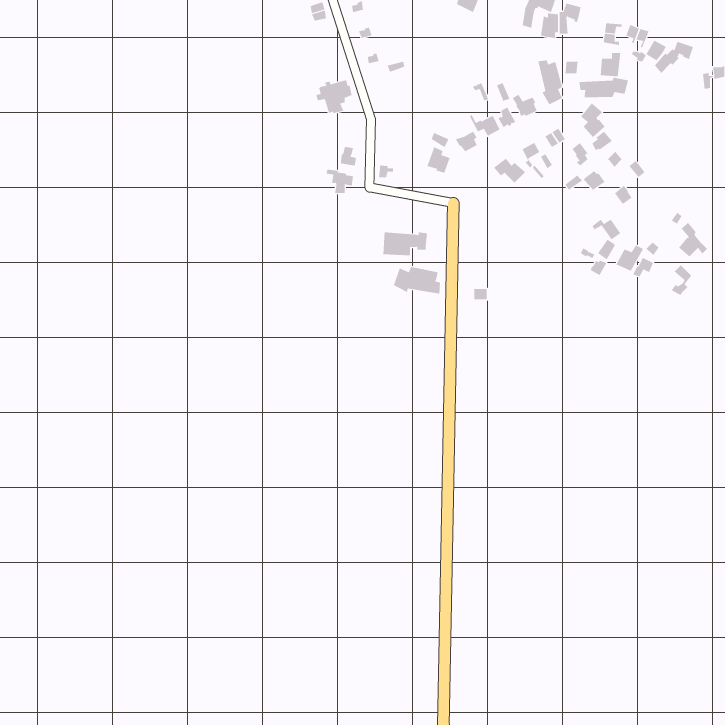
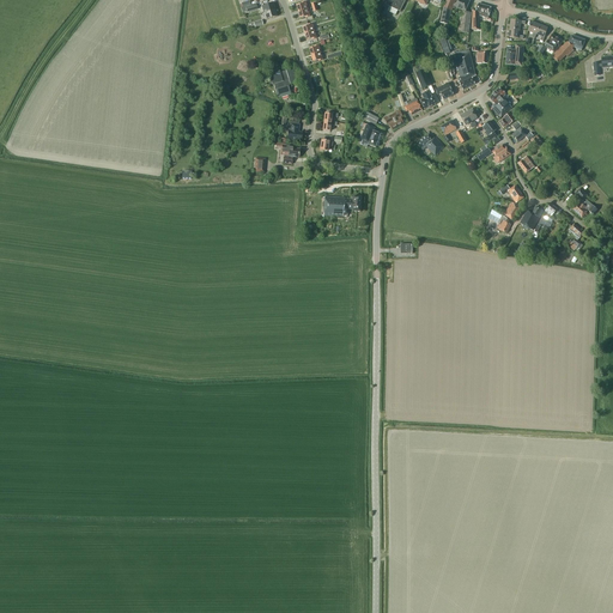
building: [579,77,629,98] -> none
building: [393,266,441,294] -> none

